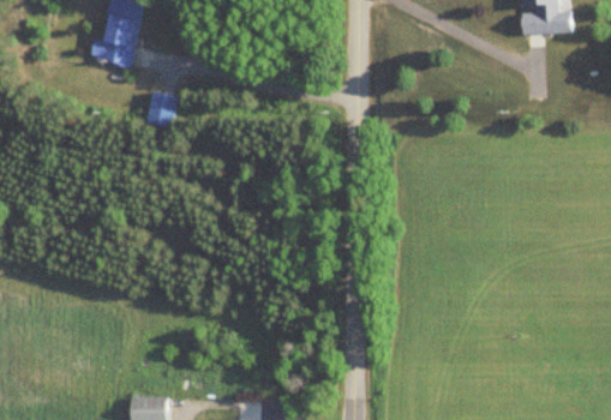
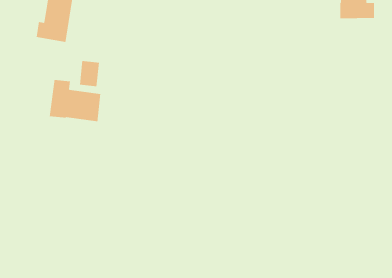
building: none -> [49,79,101,122]

